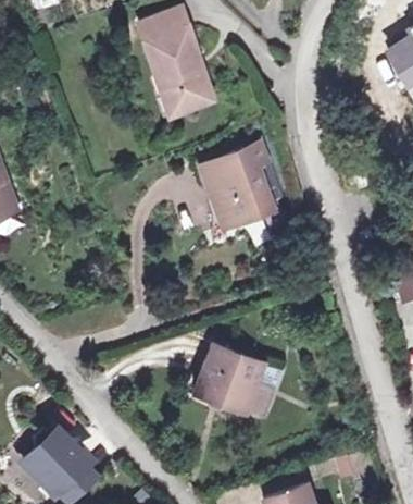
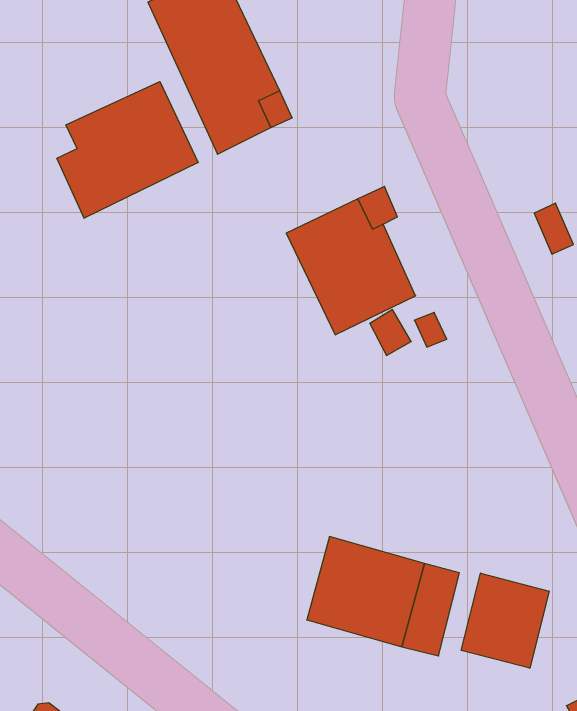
building: none -> [57,82,198,218]
building: none -> [461,573,549,668]

